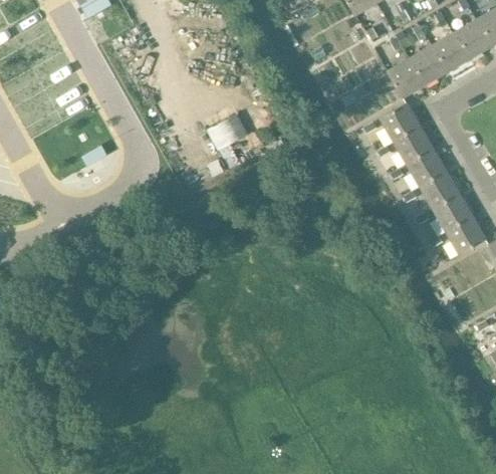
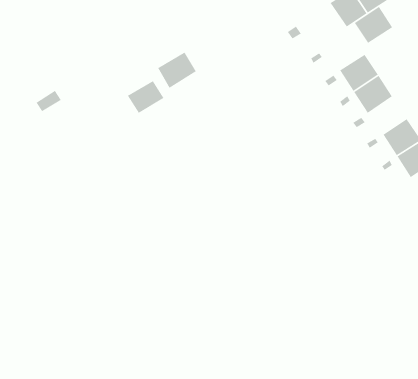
building: [380,102,420,141] -> [354,6,393,44]
building: none -> [127,80,165,114]
building: [419,171,459,209] -> none

